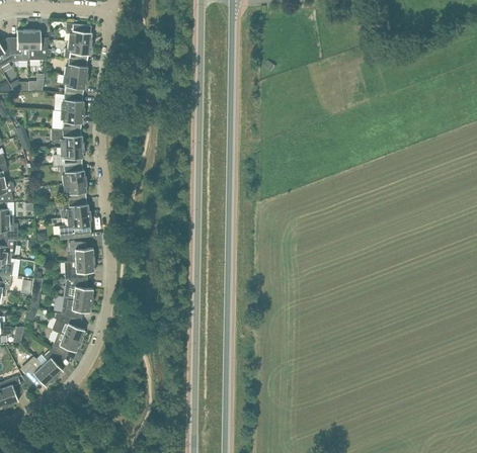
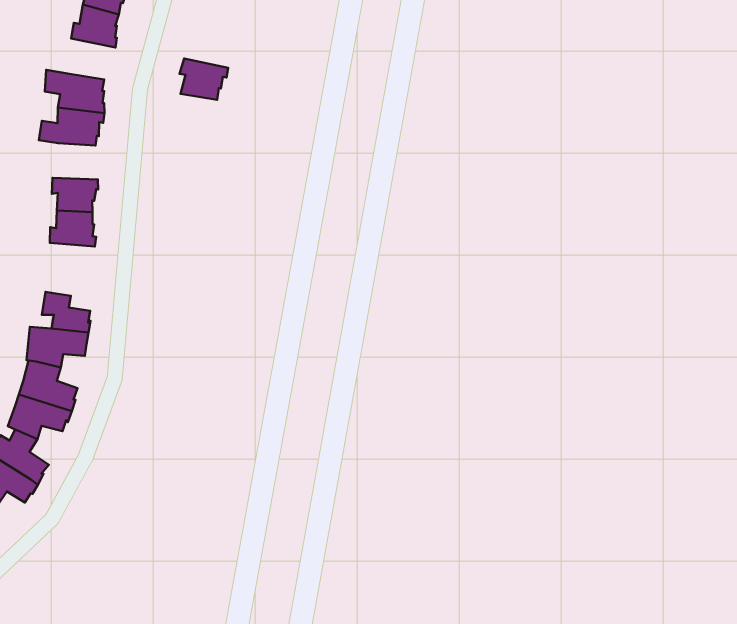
building: [60,110,84,128] -> [180,59,228,100]
building: [62,163,86,183] -> none
building: [60,214,91,239] -> none

